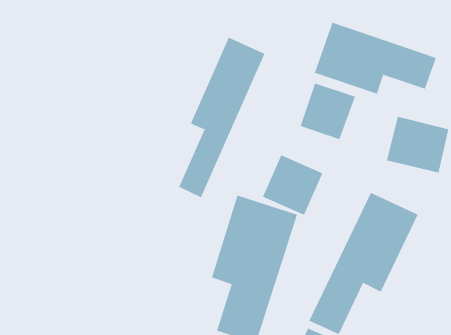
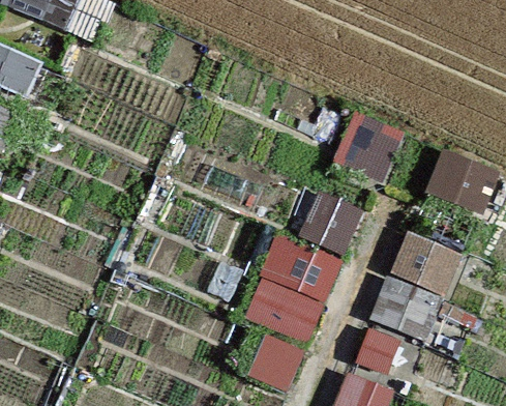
building: [314,22,437,95] -> none
building: [179,37,265,198] -> none

